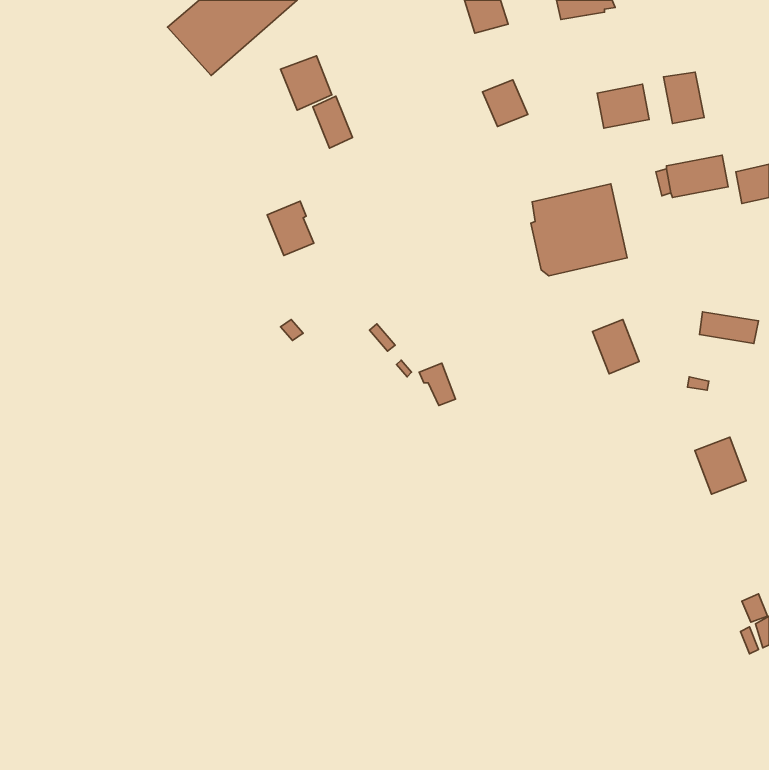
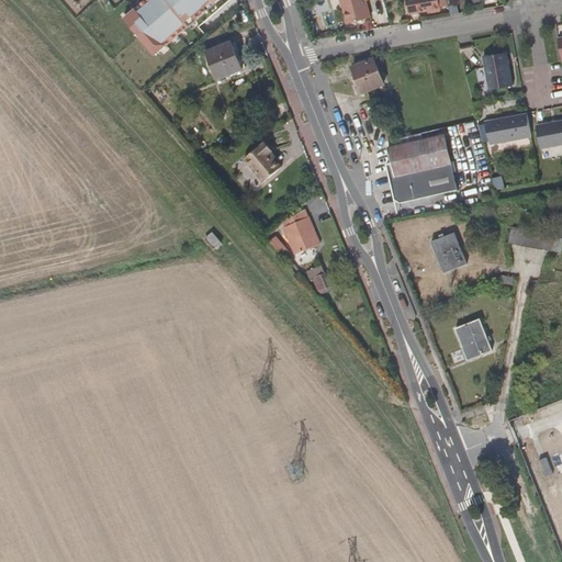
building: [597,84,649,128] -> none
building: [313,96,353,148] -> none
building: [267,201,314,255] -> [243,140,277,180]
building: none -> [283,209,319,255]
building: [695,437,746,494] -> [454,318,492,360]

